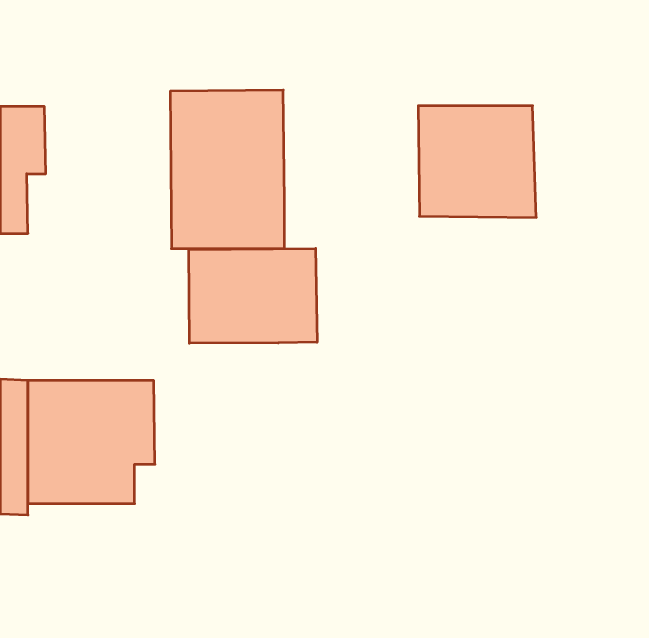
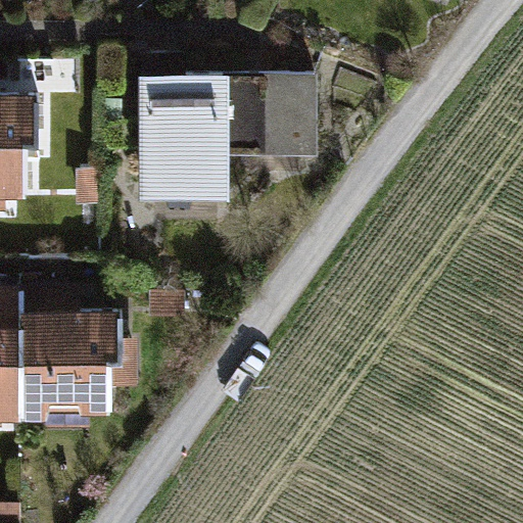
building: [418,106,536,217] -> [228,73,323,162]
building: [189,248,317,343] -> none

